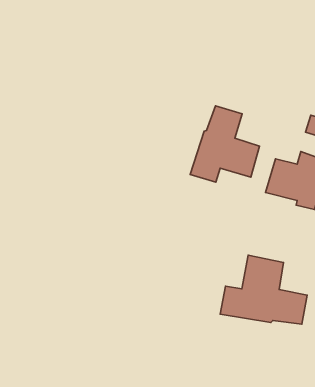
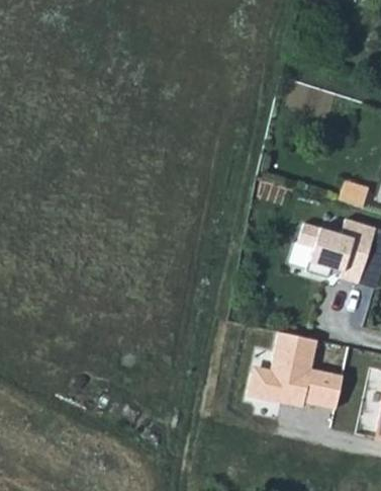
building: [190,106,259,182] -> none

